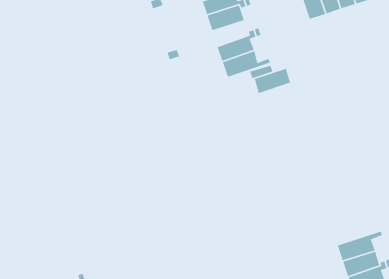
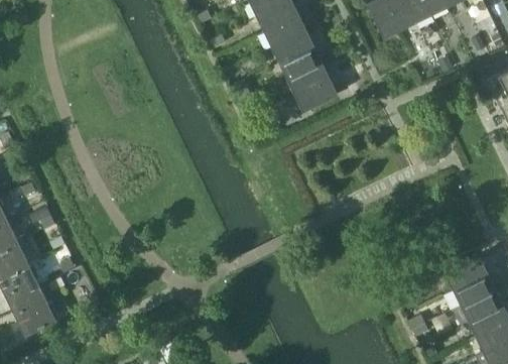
building: [254,68,291,94] -> [280,48,321,81]

